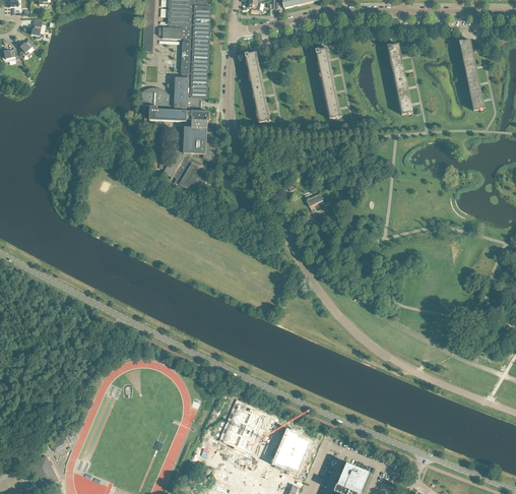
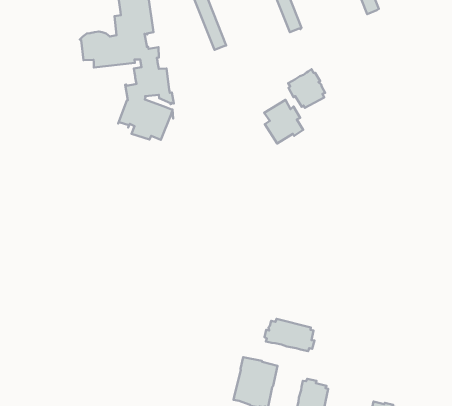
building: none -> [288,69,325,108]
building: none -> [264,319,315,351]

